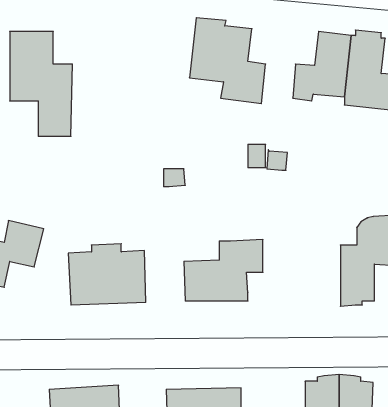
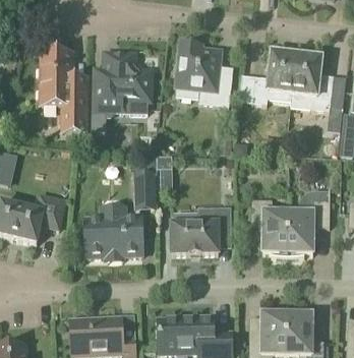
building: none -> [91,52,151,129]
building: none -> [133,170,158,208]
building: none -> [250,197,288,256]

